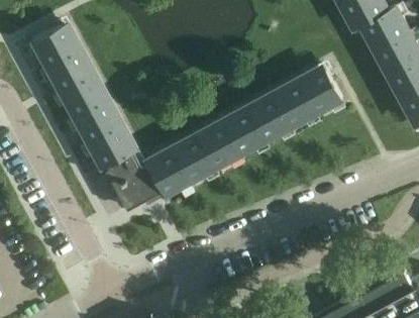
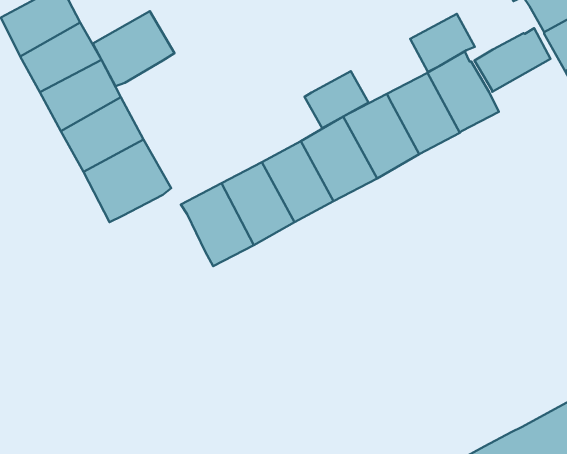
building: none -> [93,11,175,86]
building: none -> [410,14,475,72]
building: none -> [475,28,550,92]
building: none -> [304,71,369,128]
building: [107,153,161,211] -> none

